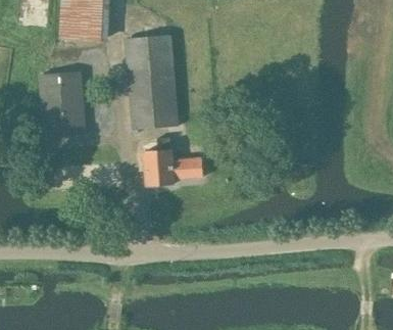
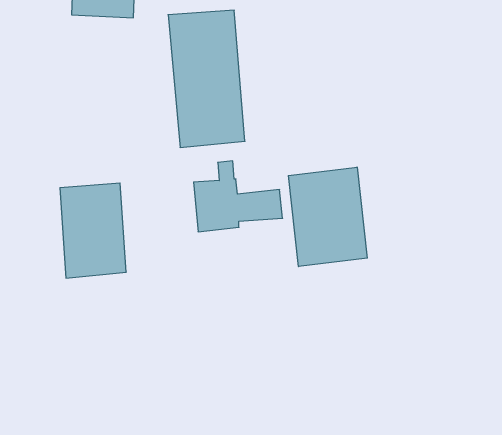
building: [41,73,86,137] -> [60,183,126,278]
building: none -> [288,167,367,267]

